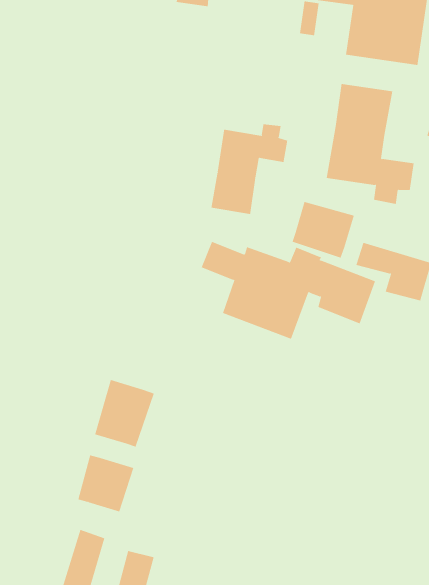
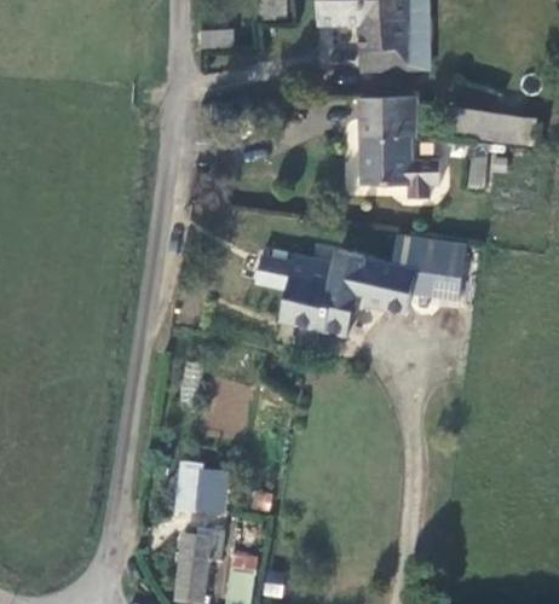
building: [211,123,288,215] -> none
building: [292,201,355,259] -> none
building: [94,379,154,448] -> none

